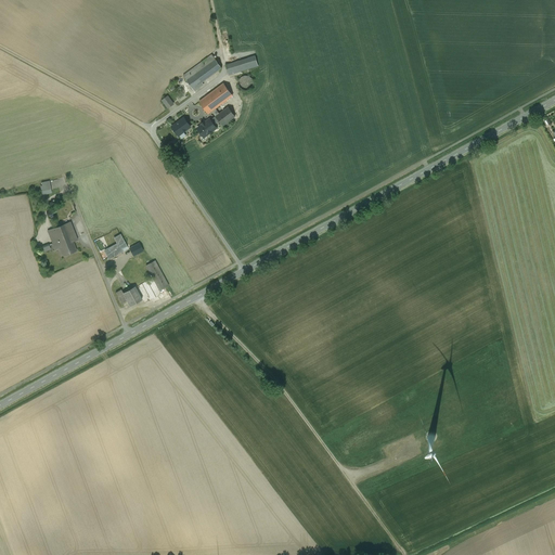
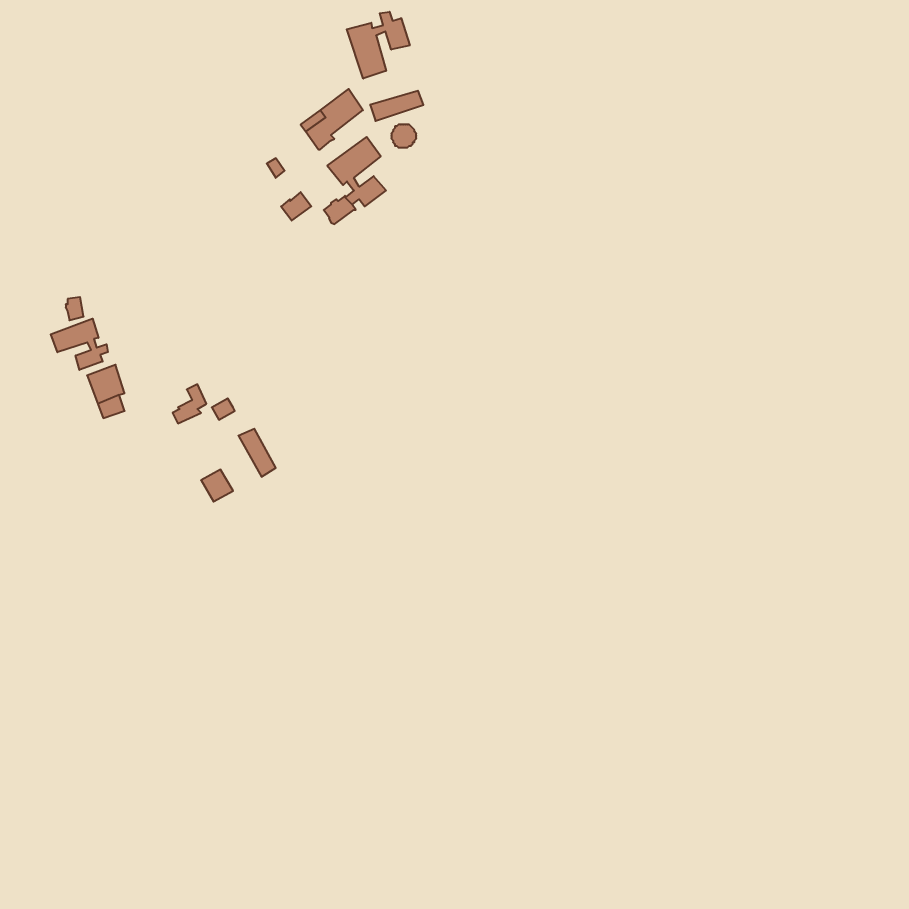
building: none -> [347,12,410,79]
building: none -> [51,319,108,370]

